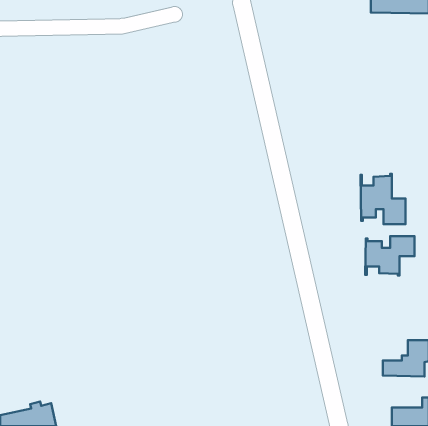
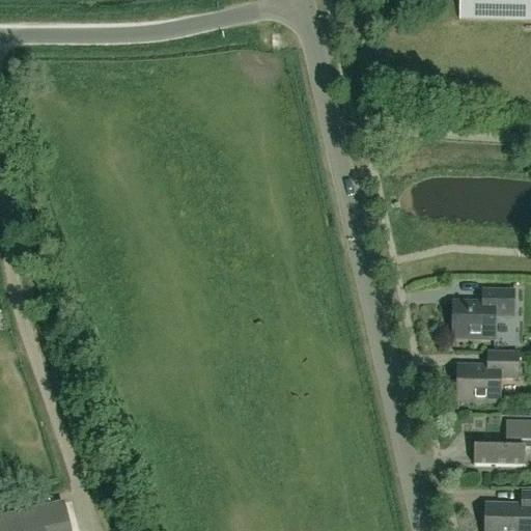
building: [360,174,406,224] -> none
building: none -> [456,351,519,399]

